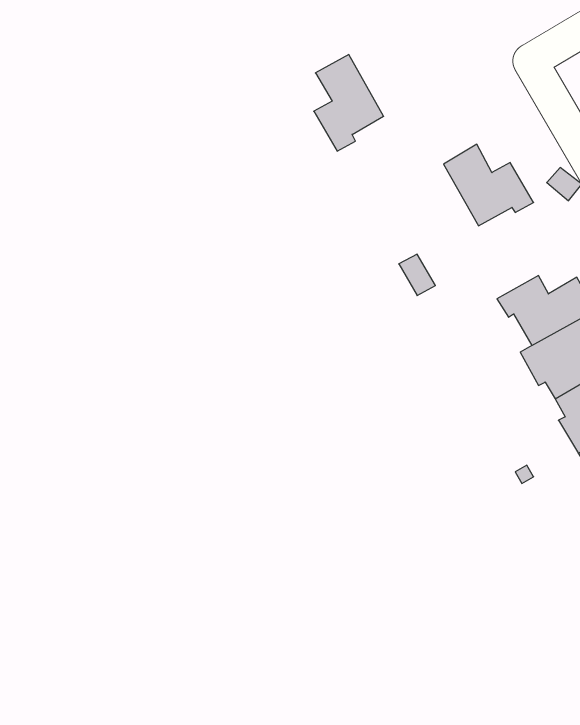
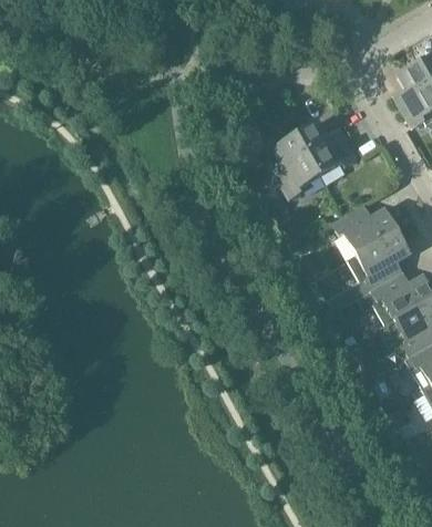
building: [314,55,384,151] -> [274,132,320,196]

